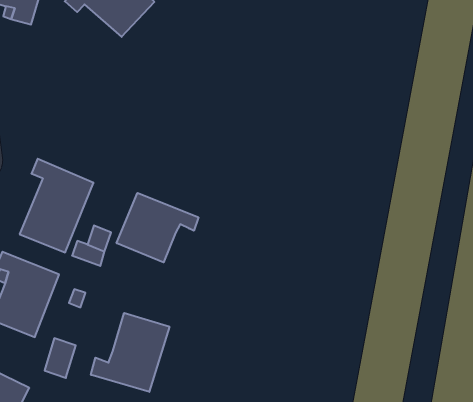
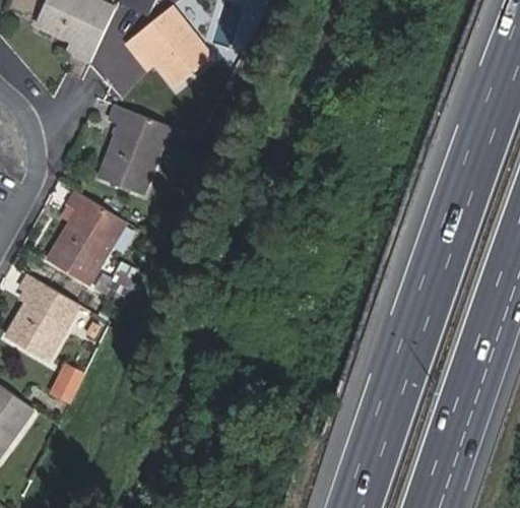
building: none -> [98,105,169,194]
building: [117,193,198,262] -> none
building: [91,313,169,392] -> none

